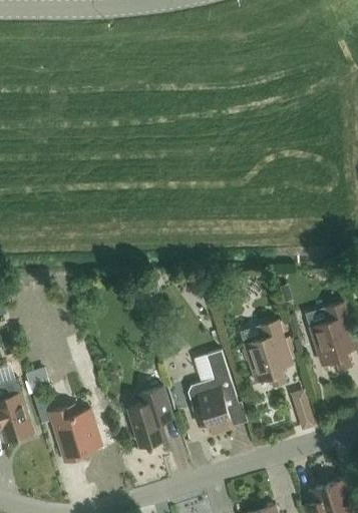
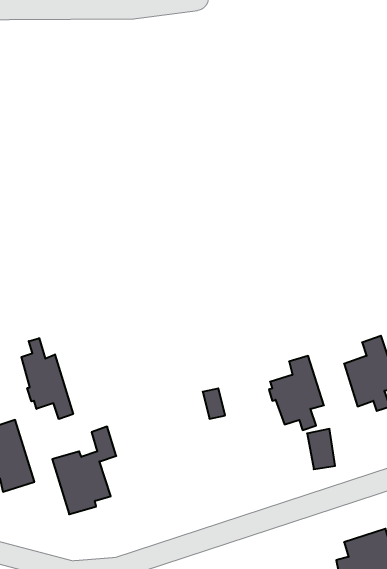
building: none -> [21,338,73,419]
building: [189,350,238,434] -> none
building: [128,387,173,447] -> none

